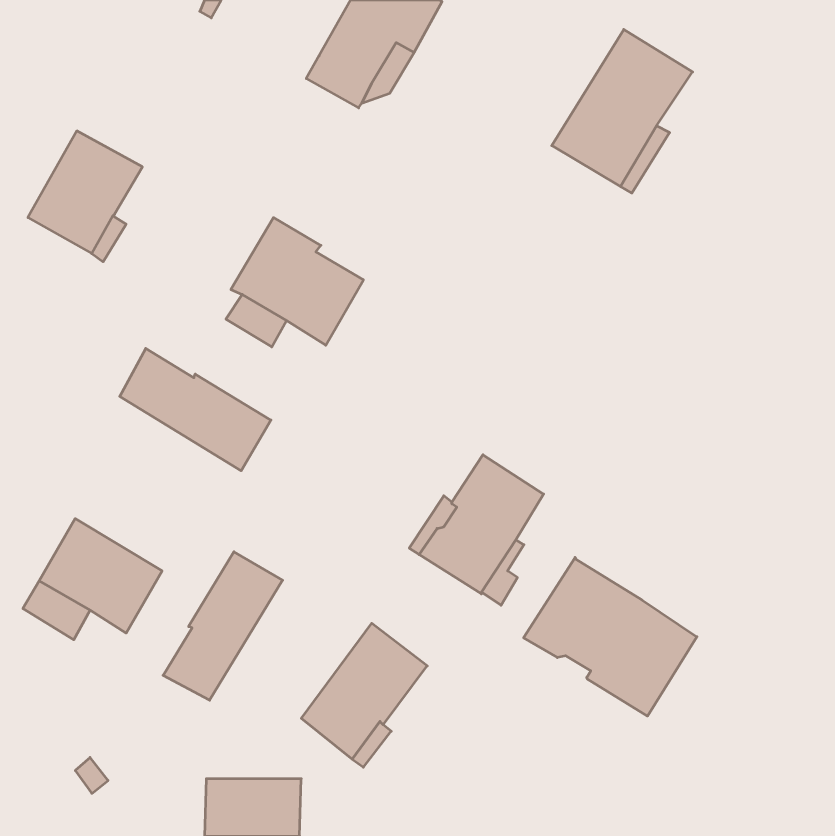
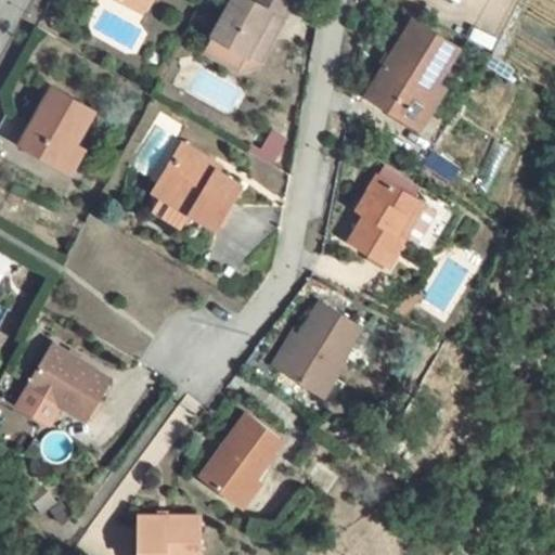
building: none -> [348,175,436,264]
building: [120,348,271,471] -> none
building: [163,552,283,700] -> none
building: [524,557,697,716] -> none

